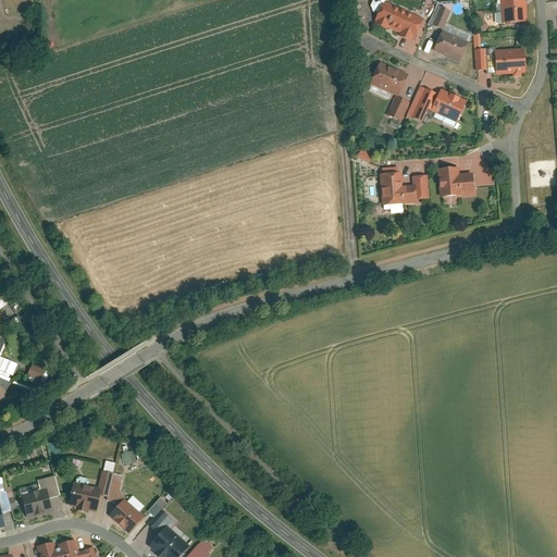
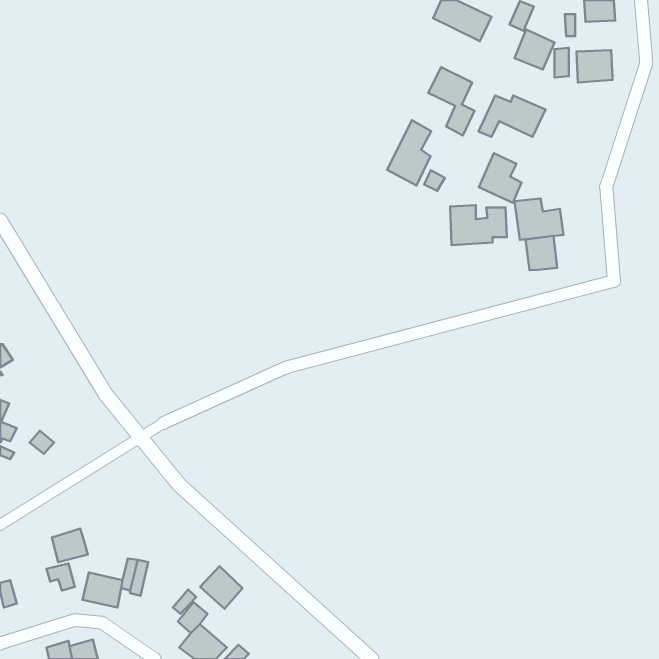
building: none -> [387,120,431,185]
building: none -> [479,153,521,203]
building: none -> [526,236,557,270]
building: [25,488,55,517] -> [52,529,88,562]
building: [111,499,147,535] -> [200,566,243,609]

